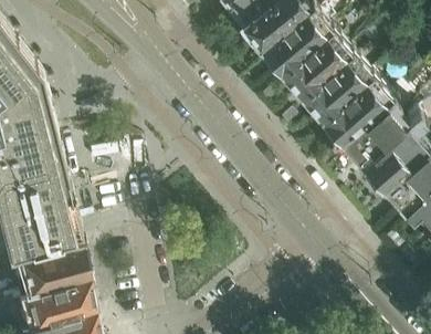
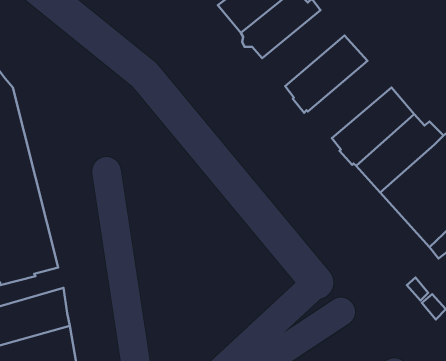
building: [260,9,332,76] -> none
building: [299,54,372,122] -> none

